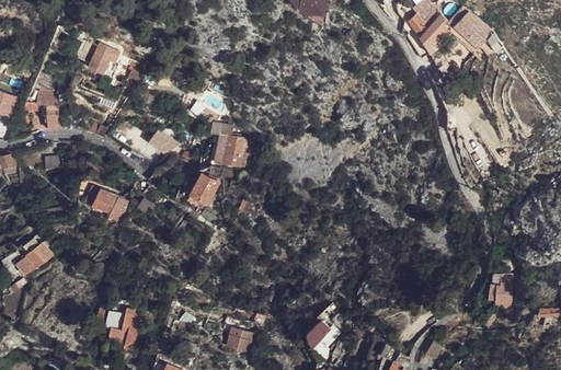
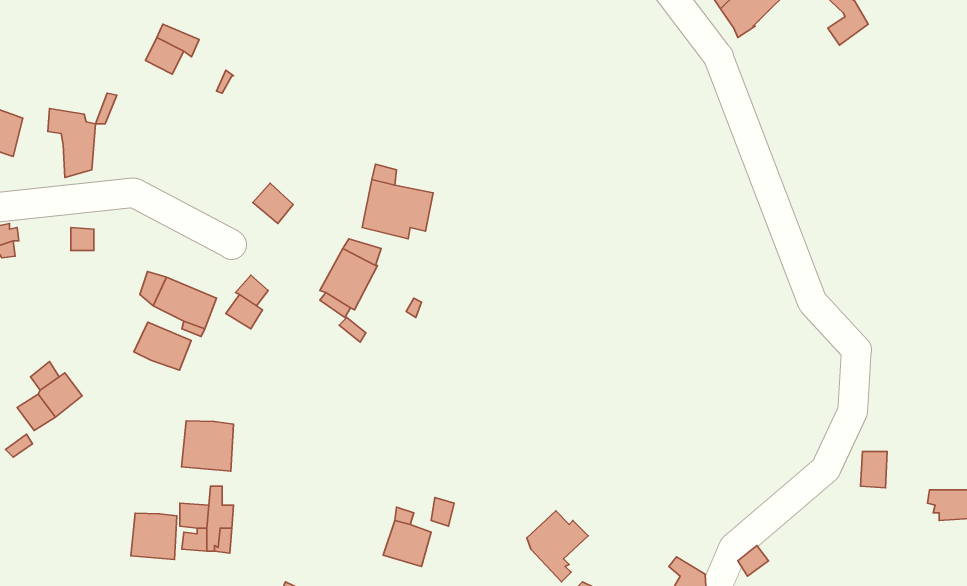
building: none -> [134,322,191,370]
building: none -> [182,421,233,471]
building: none -> [131,513,177,559]

